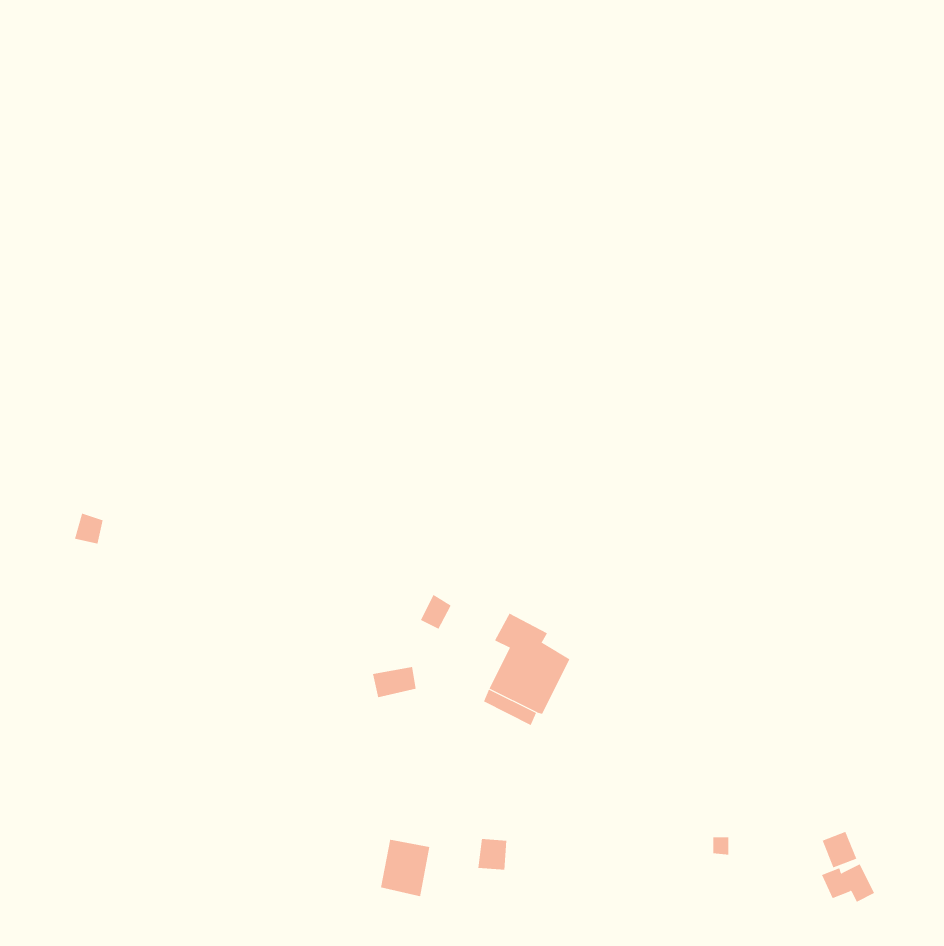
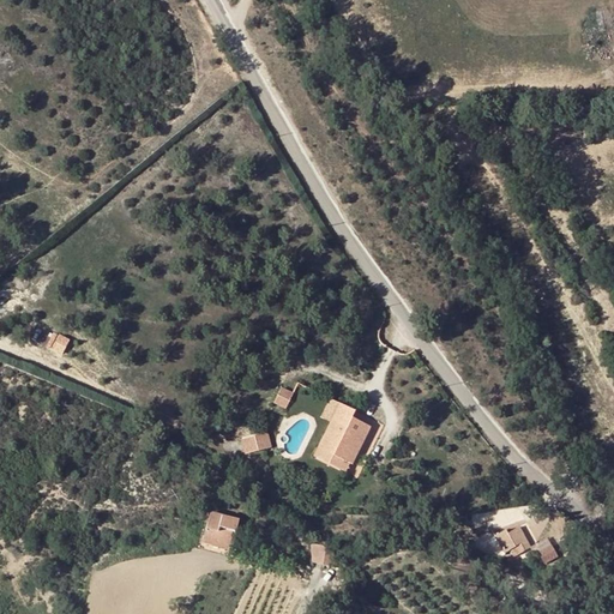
building: [380,839,430,897] -> [199,511,231,548]
building: [821,864,875,903] -> [496,530,531,555]

